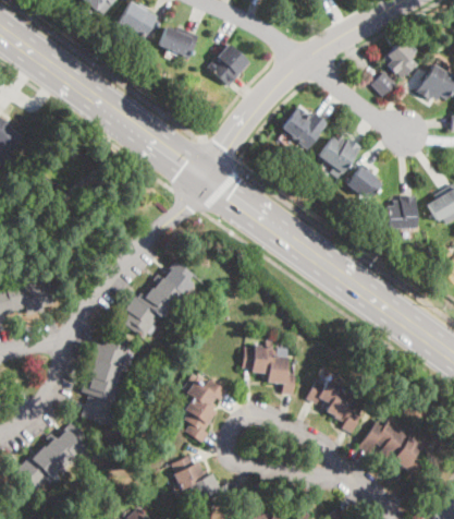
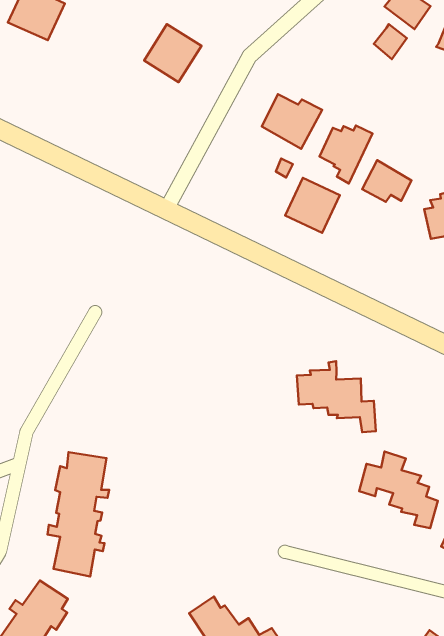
building: [158,27,198,58] -> none
building: none -> [285,178,340,233]
building: [122,261,193,338] -> none
building: [241,341,294,396] -> [297,361,376,432]
building: [184,379,226,443] -> none

